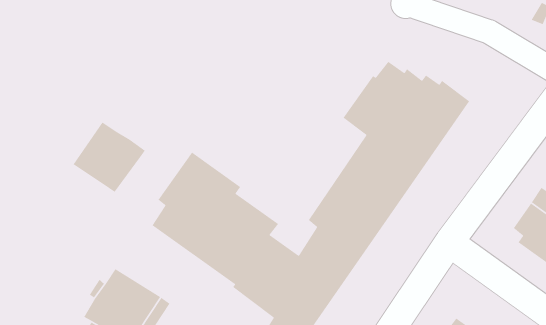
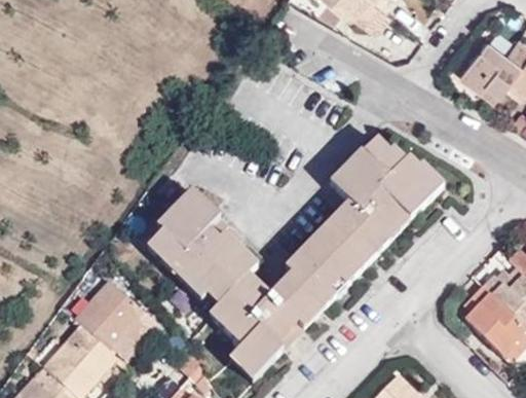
building: [72,121,146,193] -> none

